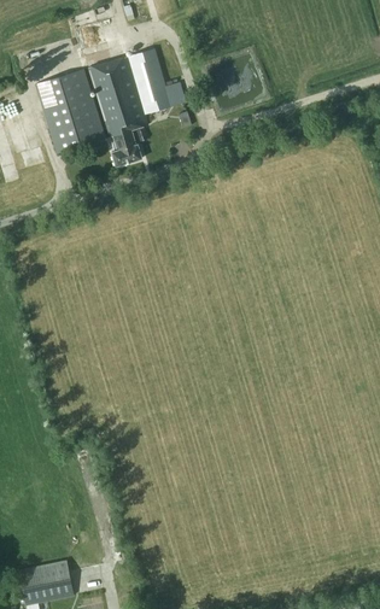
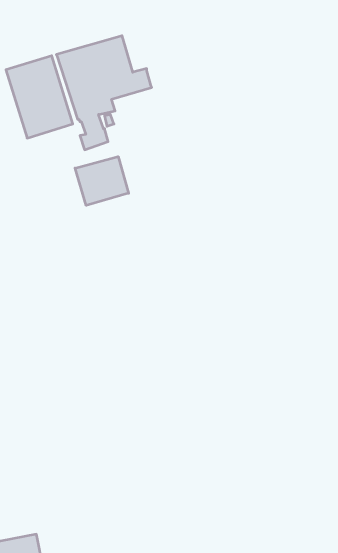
building: none -> [75,157,129,205]

